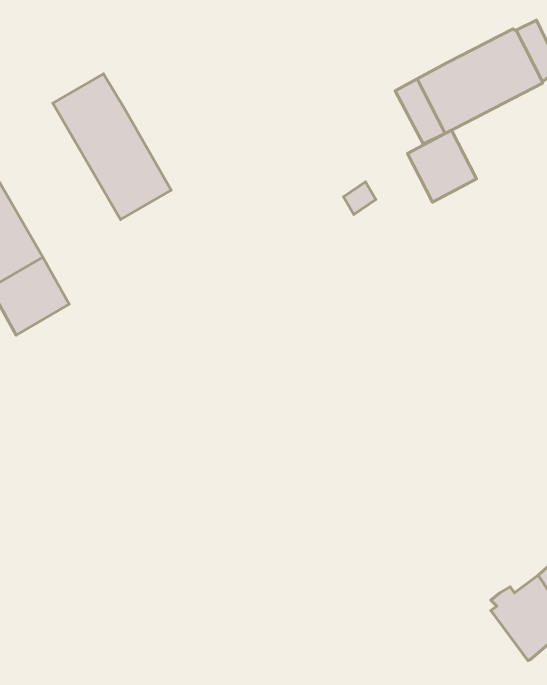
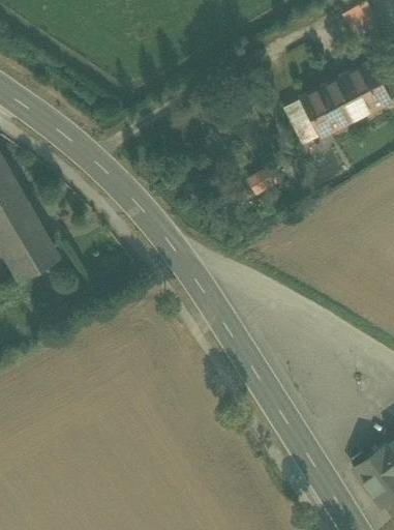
building: [53,74,171,220] -> none
building: [408,130,476,202] -> none

